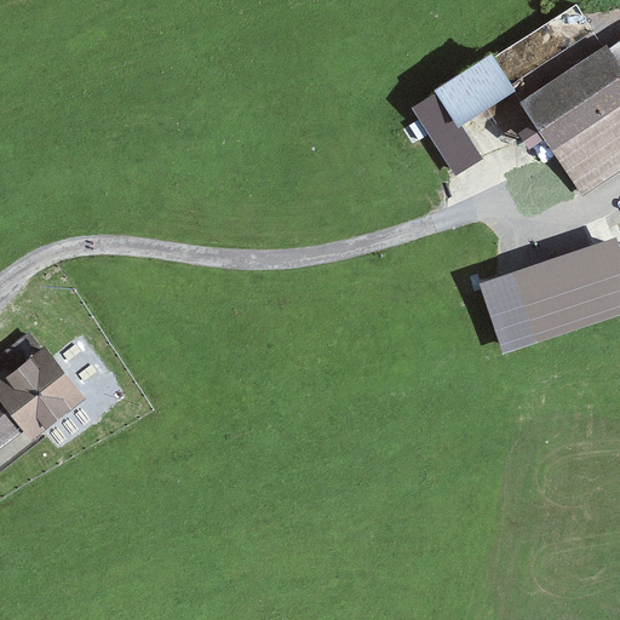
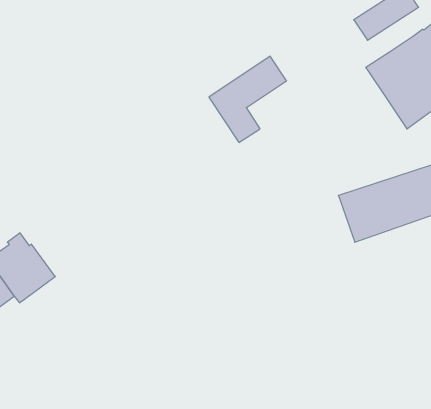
building: [418,50,528,172] -> [209,56,287,142]

